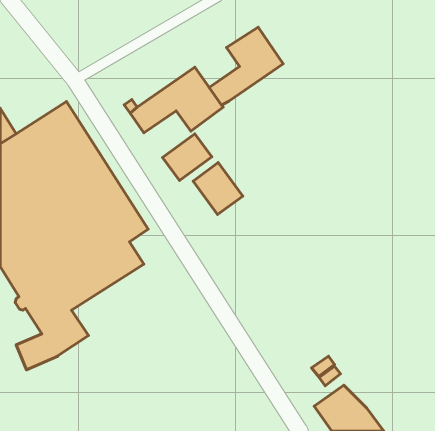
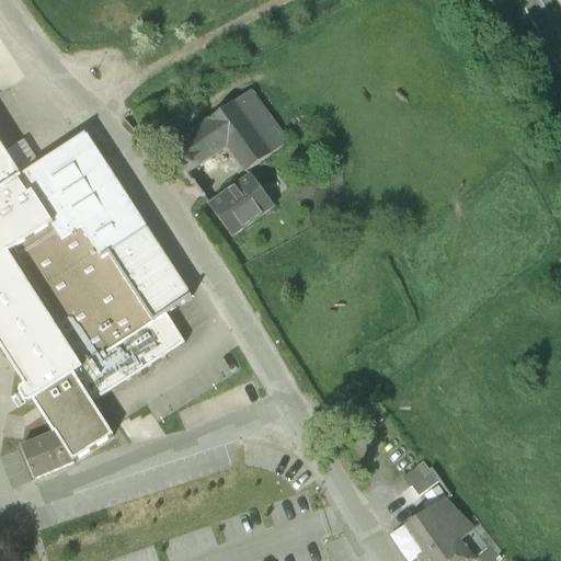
building: [209,27,283,105] -> none
building: [193,163,243,215] -> none

